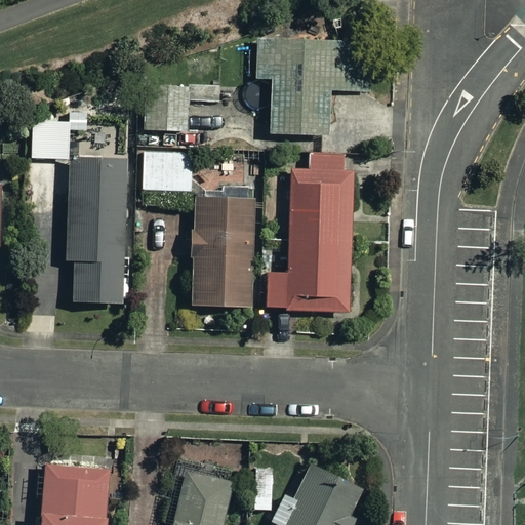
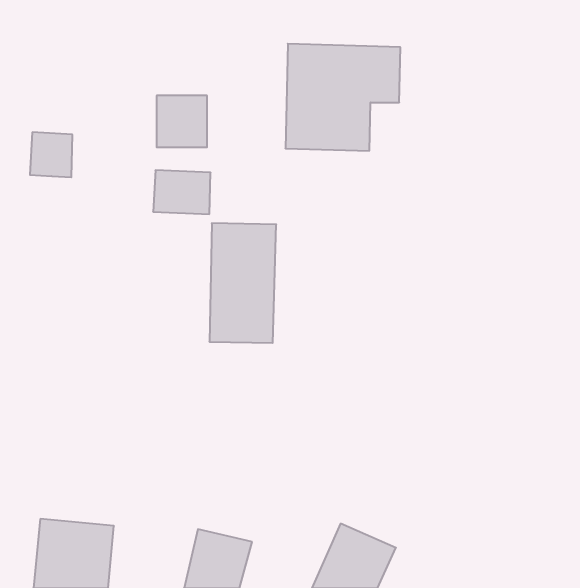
building: [268,155,355,311] -> none
building: [66,163,126,302] -> none

